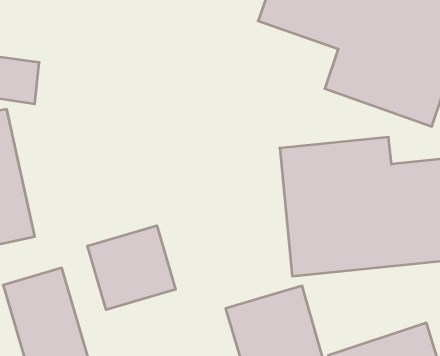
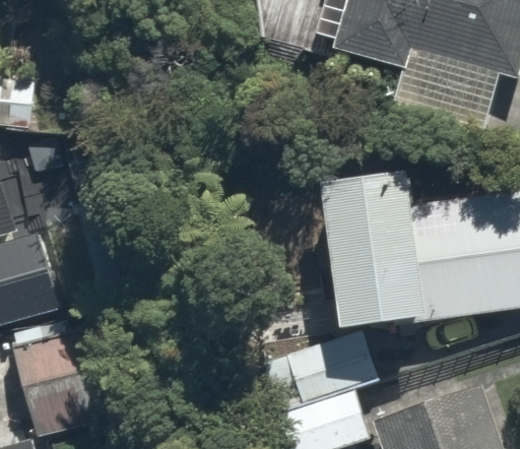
building: [87,226,176,310] -> none

